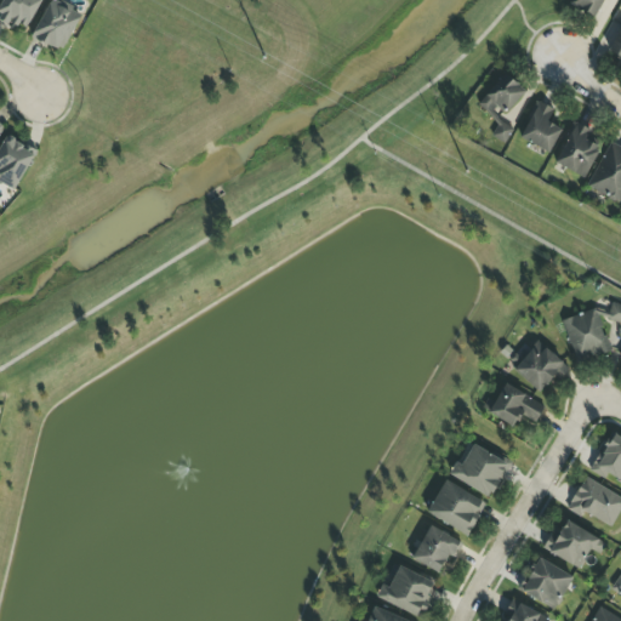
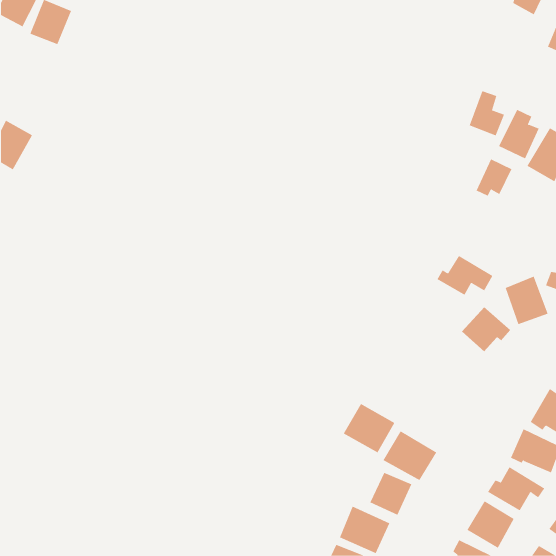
building: [479,73,528,113] -> none
building: none -> [476,158,512,196]
building: [483,382,546,427] -> [437,255,493,296]
building: [452,441,511,497] -> [343,403,395,453]

